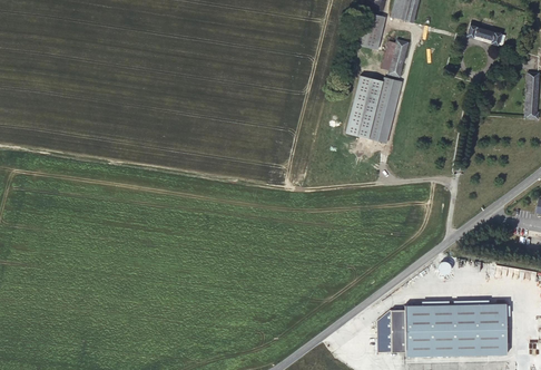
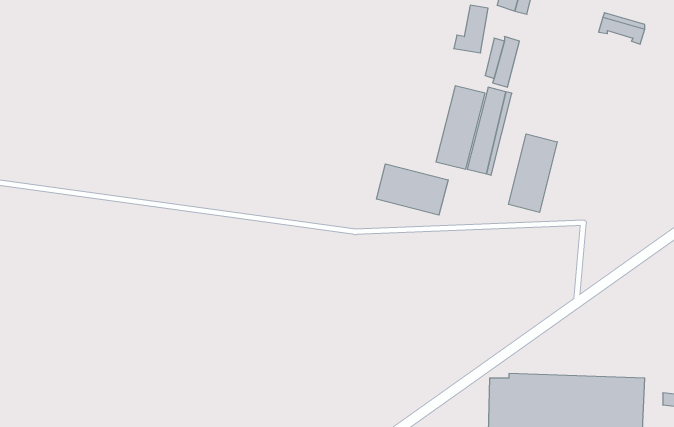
building: none -> [509,134,557,212]
building: none -> [376,164,448,215]

